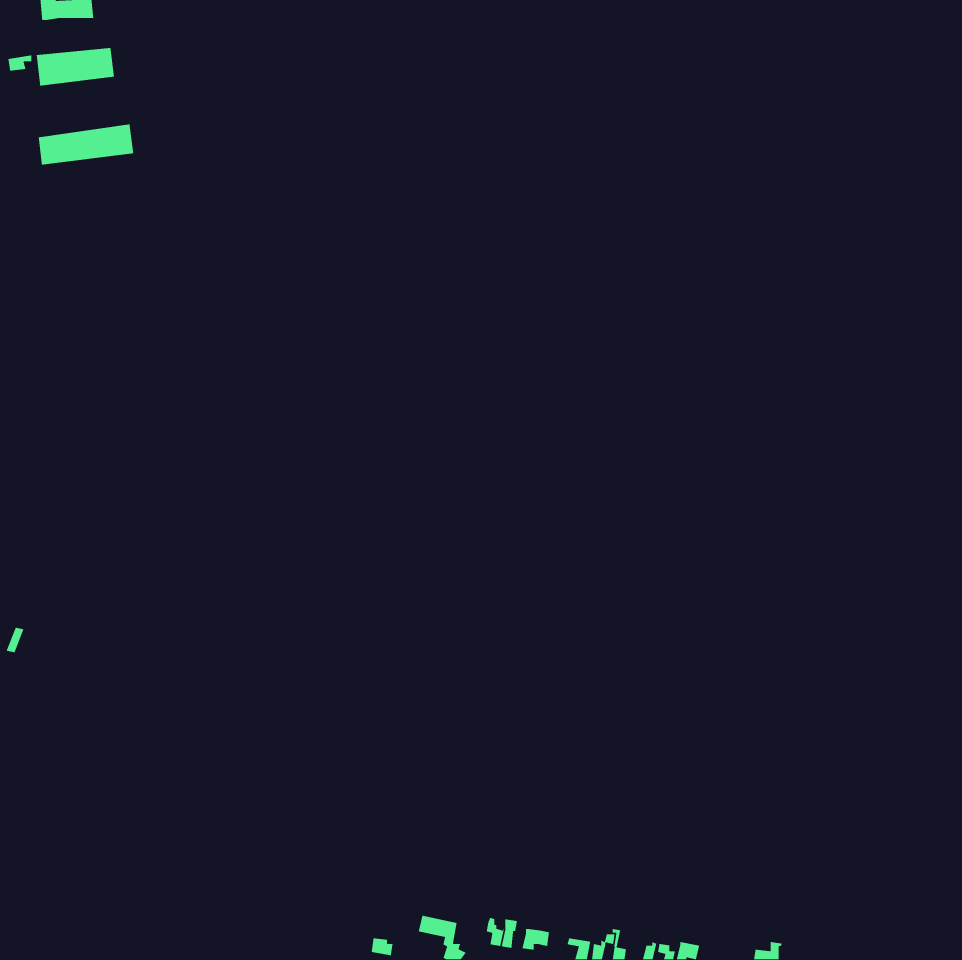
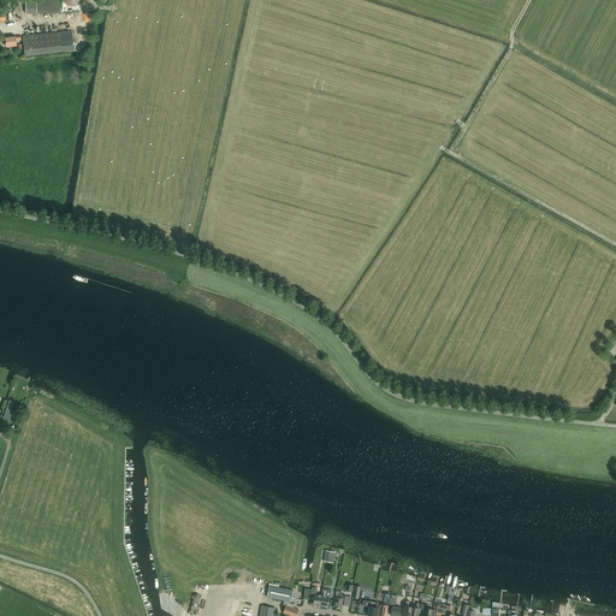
building: [38,123,134,166] -> none

